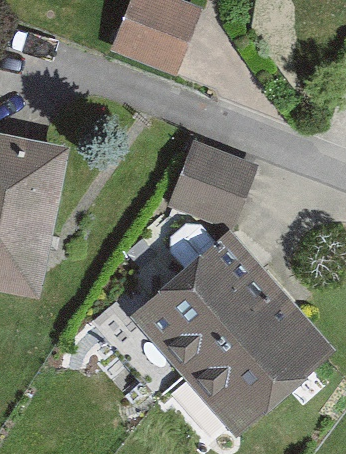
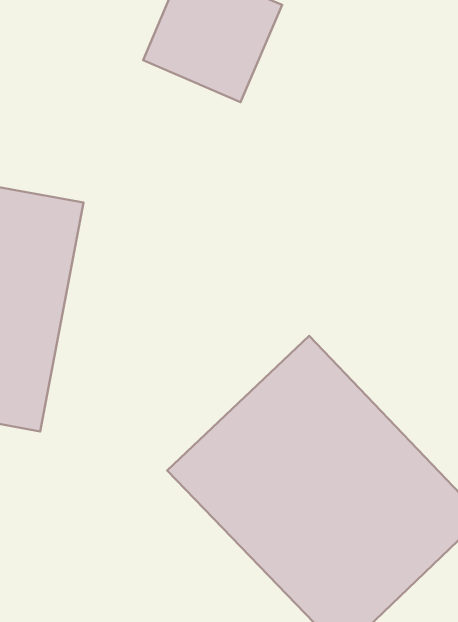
building: [168,140,256,229] -> none

